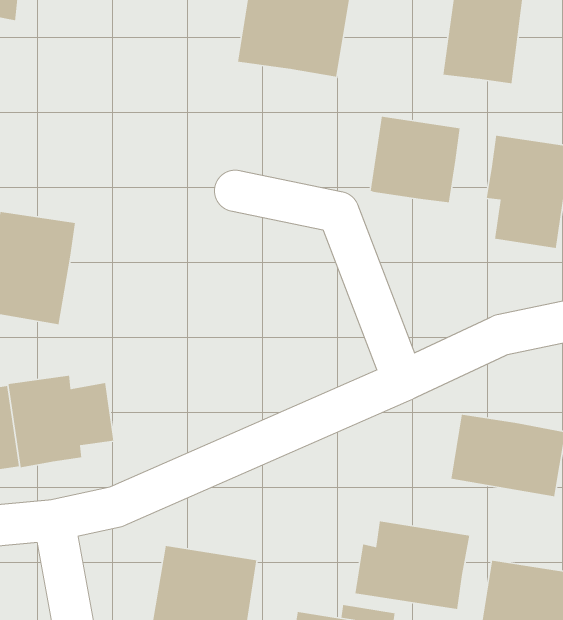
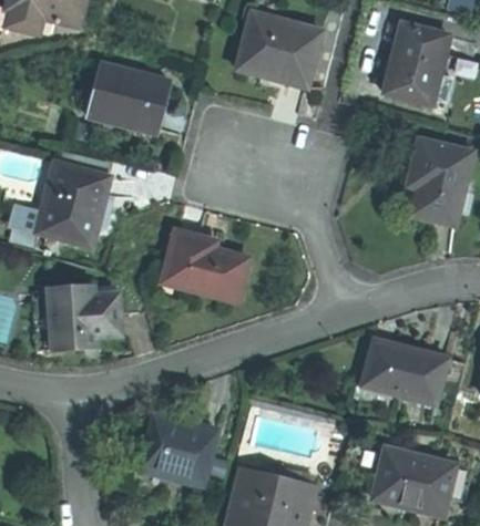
building: none -> [85,62,170,134]
building: [370,116,461,203] -> none
building: none -> [162,230,248,302]
building: [355,521,470,610] -> none

